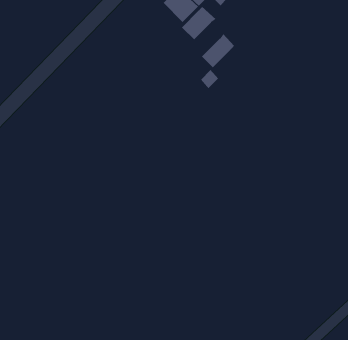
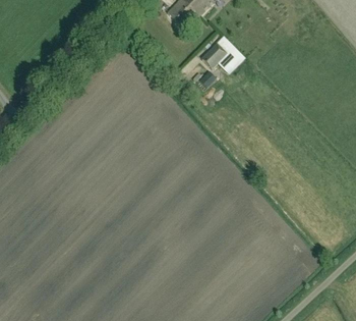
building: [181,6,216,40] -> none

